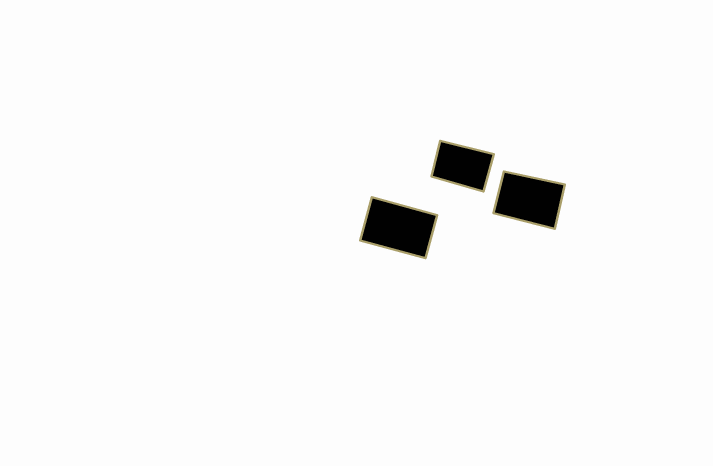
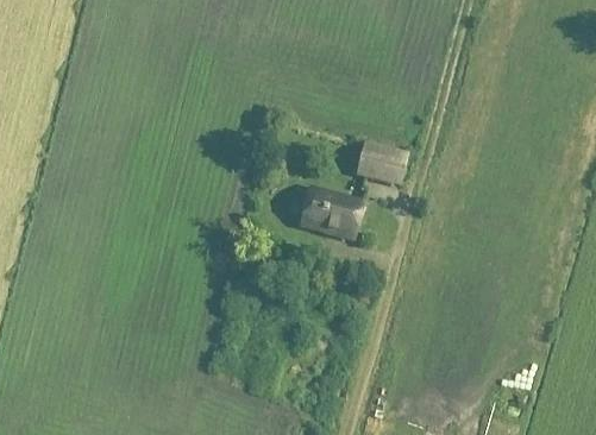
building: [493,171,565,229] -> none

